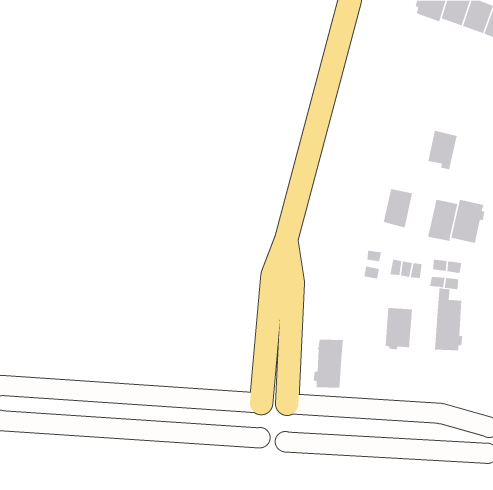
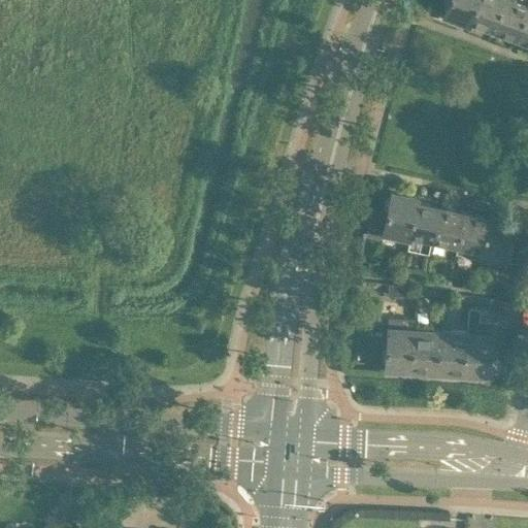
building: [428,130,458,170] -> [434,210,466,253]
building: none -> [367,196,419,242]
building: none -> [438,334,467,380]
building: [313,339,344,388] -> [383,321,416,373]

